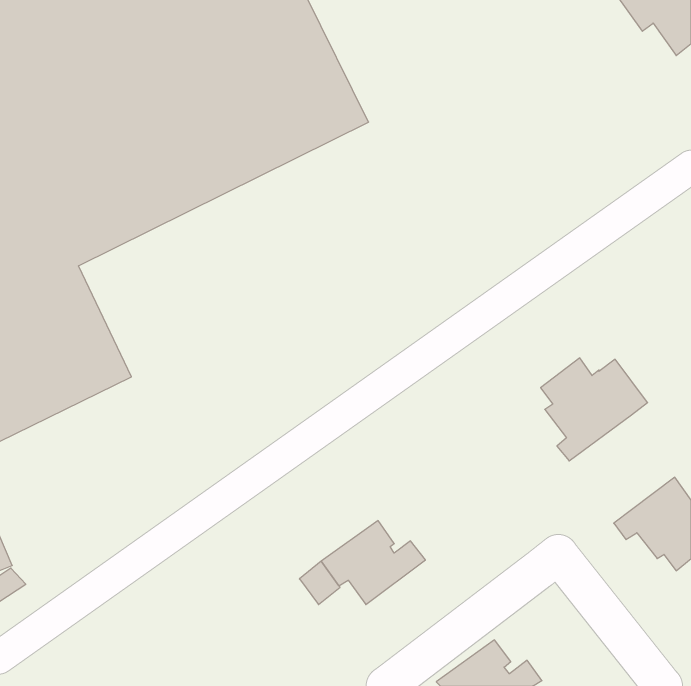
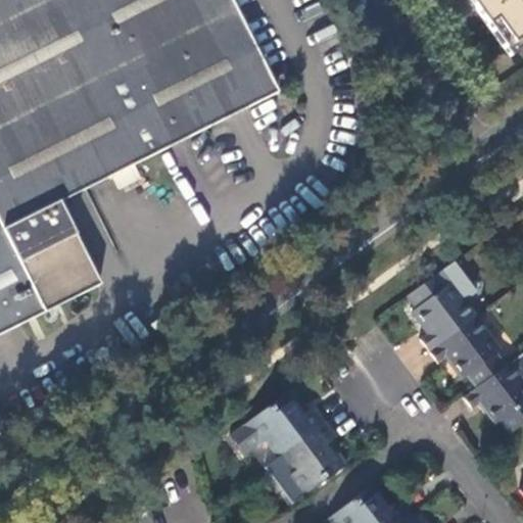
building: none -> [429,313,509,384]
building: none -> [276,422,338,495]

